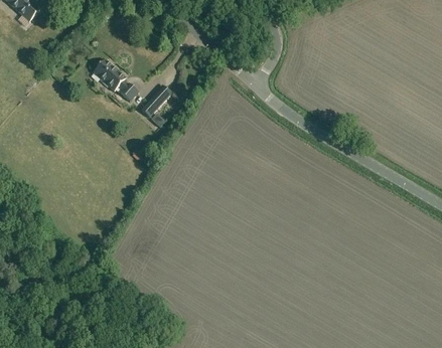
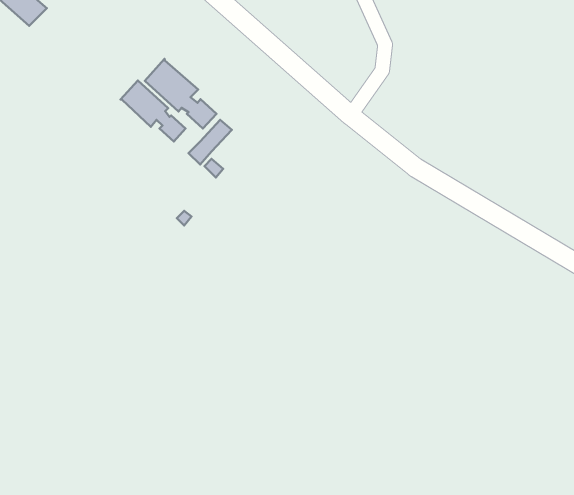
building: none -> [145,59,216,128]

